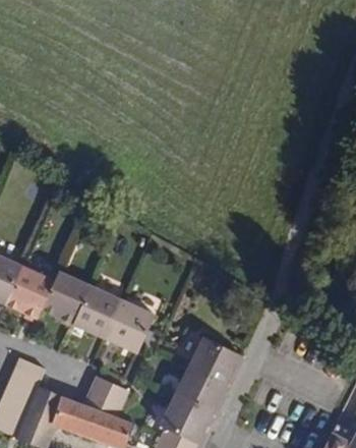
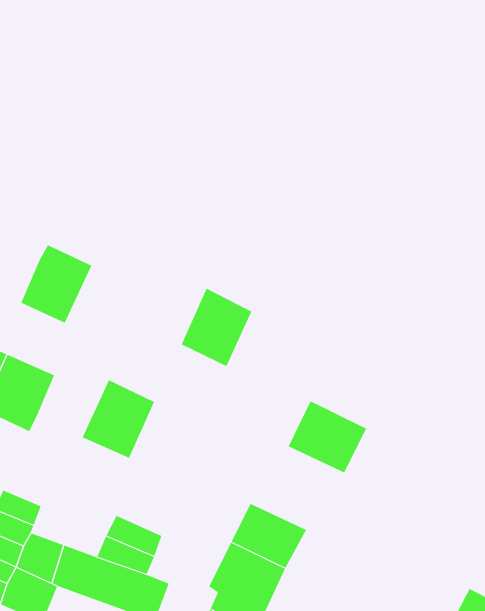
building: [43,270,92,324] -> [21,245,92,324]
building: [106,299,155,353] -> [181,288,252,367]
building: [188,337,242,387] -> [288,400,367,473]

